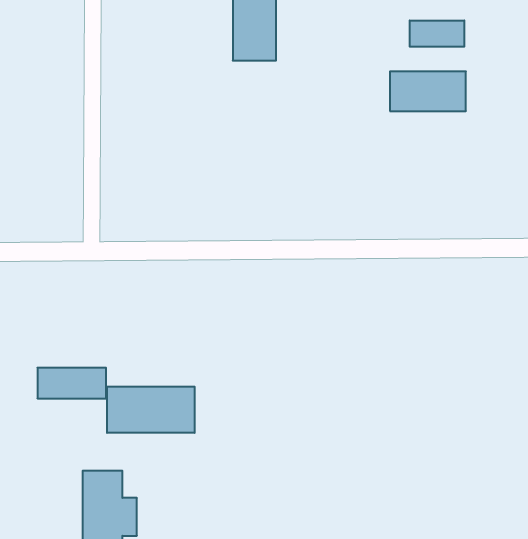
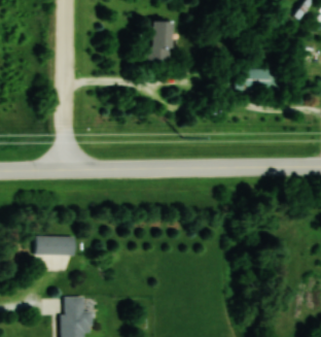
building: [410,20,464,47] -> none
building: [107,387,195,433] -> none

